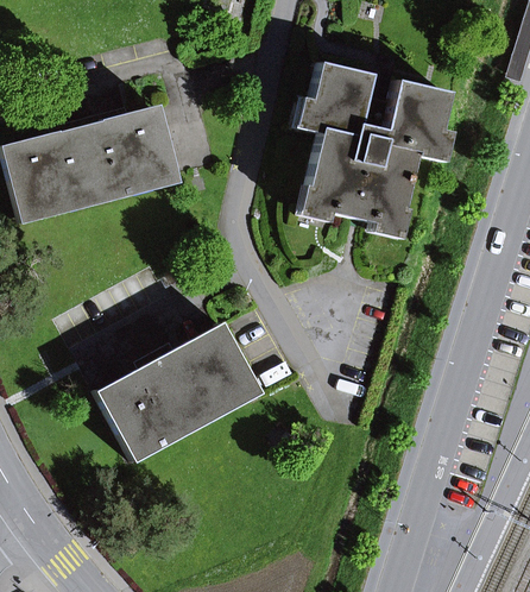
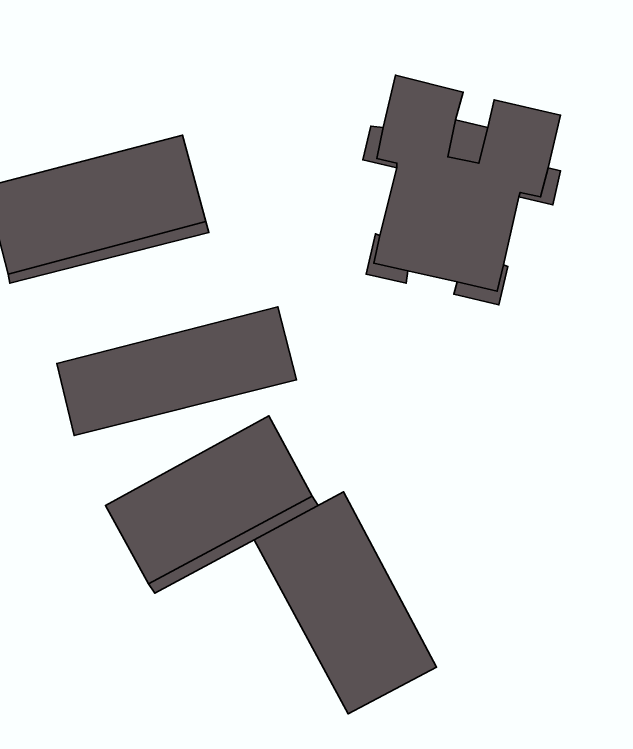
building: none -> [57,307,297,435]
building: none -> [254,492,436,714]

